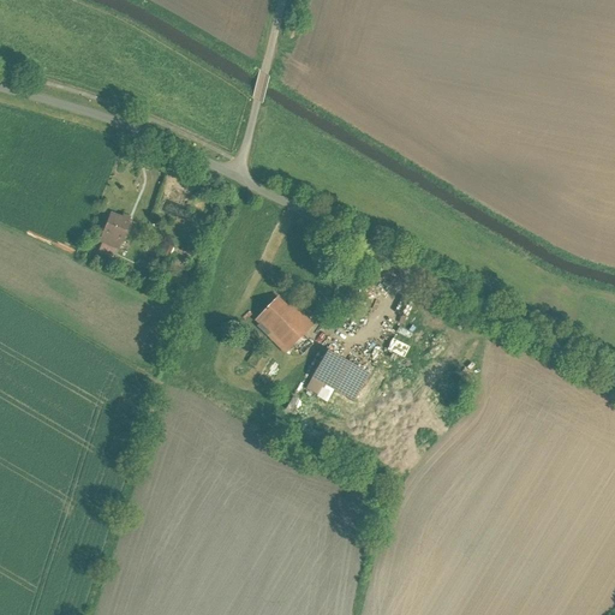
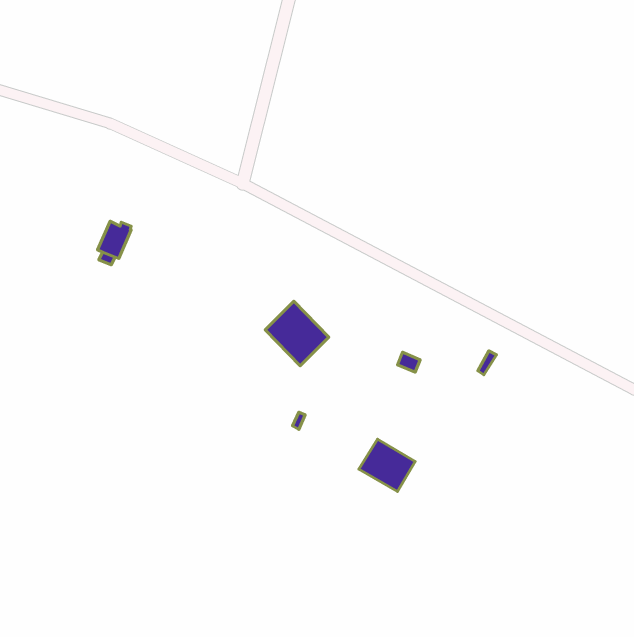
building: [314,351,368,401] -> [359,439,415,492]

